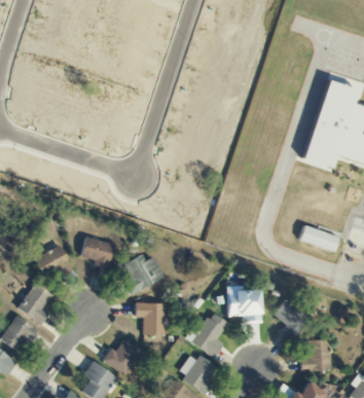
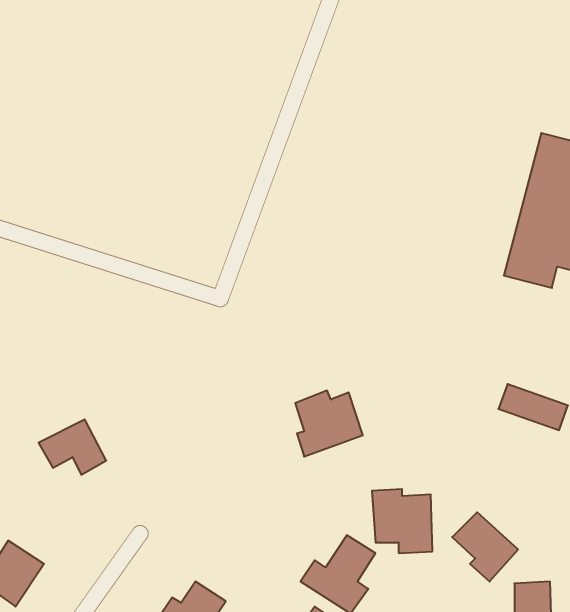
building: [80,236,114,267] -> none
building: [124,254,163,292] -> [295,391,363,457]
building: [17,283,52,324] -> none
building: [135,302,166,335] -> none

